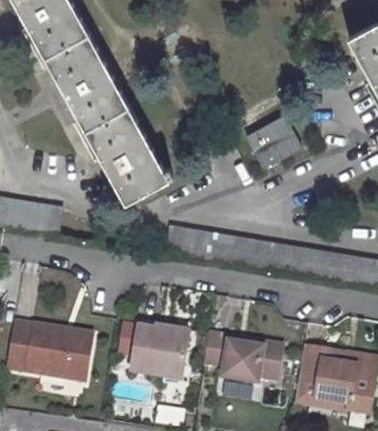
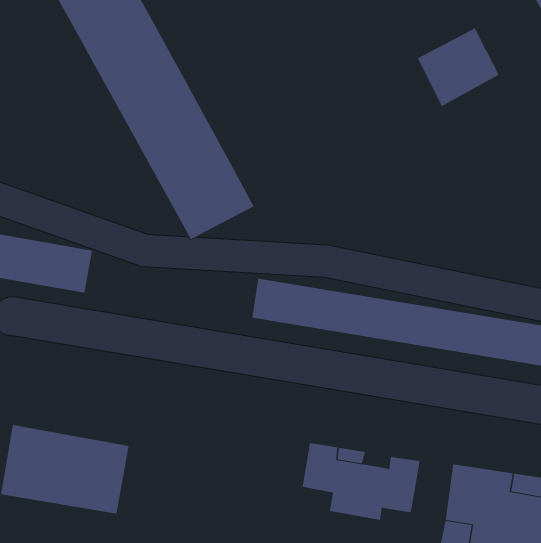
building: [246,115,300,167] -> [417,28,500,107]
building: [112,325,184,380] -> none

